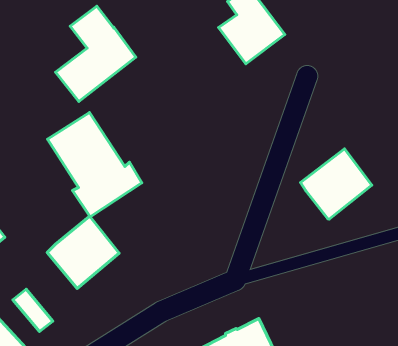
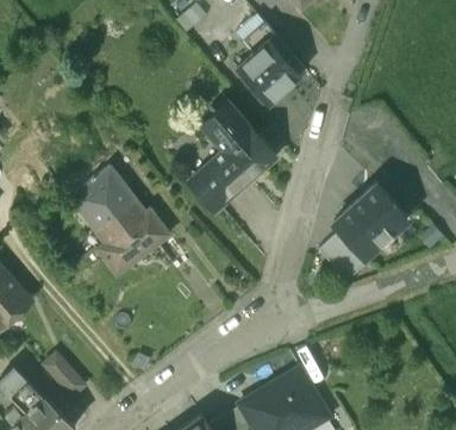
building: [55,6,136,101] -> [193,106,275,206]
building: none -> [319,231,368,281]
building: [47,217,119,289] -> none

